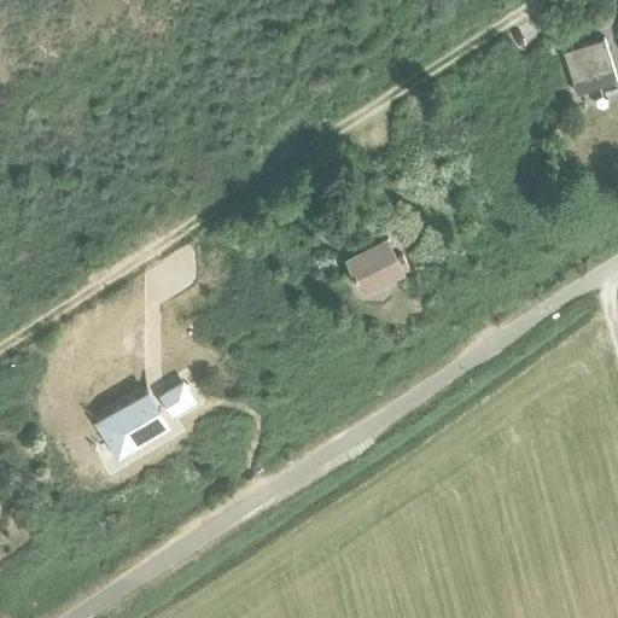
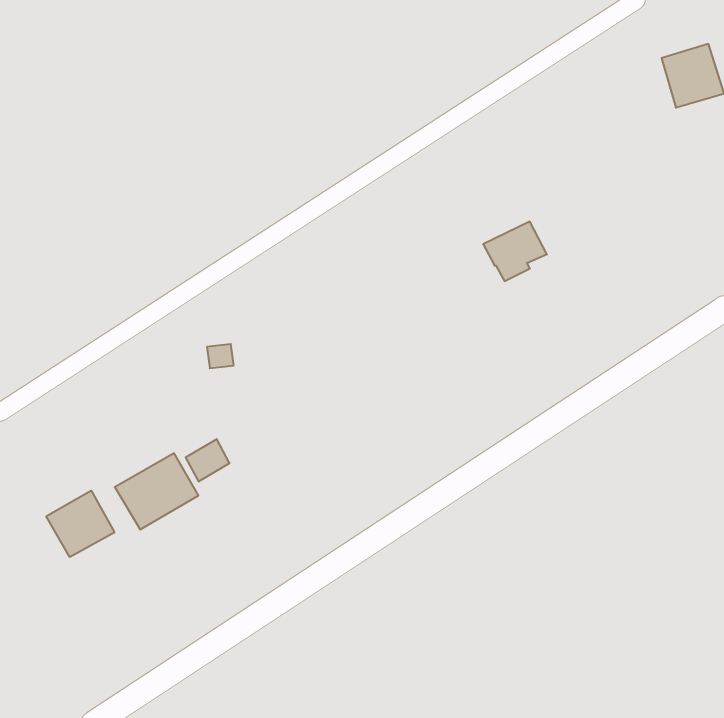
building: [346,244,401,295] -> [483,222,547,281]
building: none -> [46,491,114,557]

